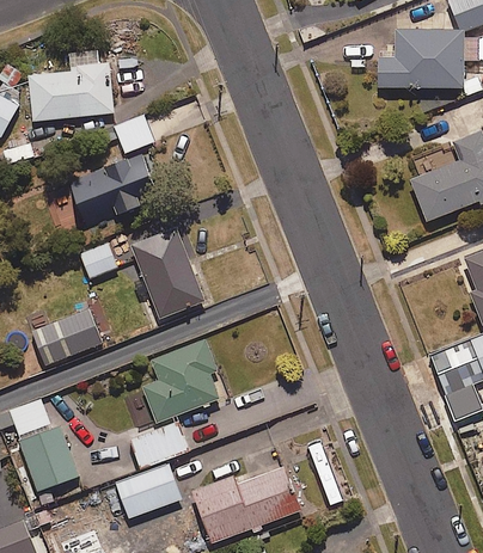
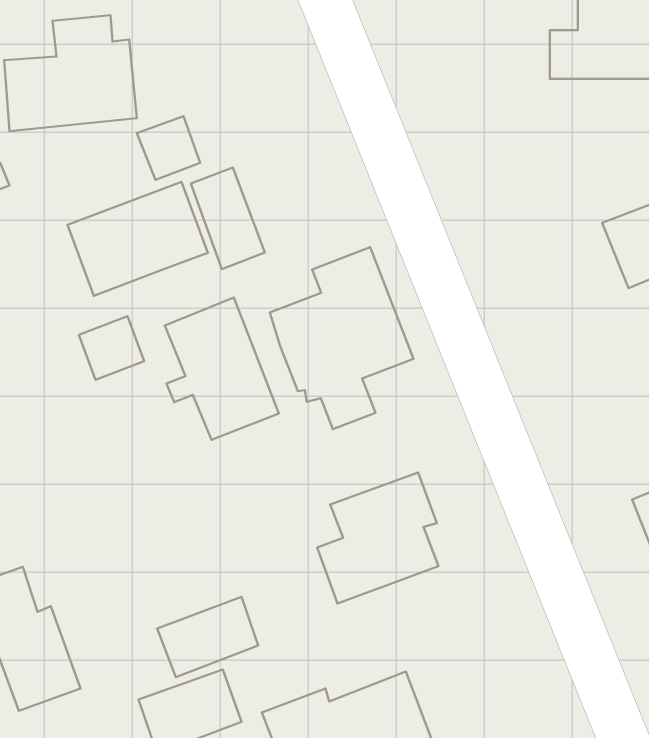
building: none -> [191,168,265,269]
building: none -> [270,247,414,429]
building: [33,309,102,364] -> none
building: [142,339,220,423] -> [317,473,439,603]

